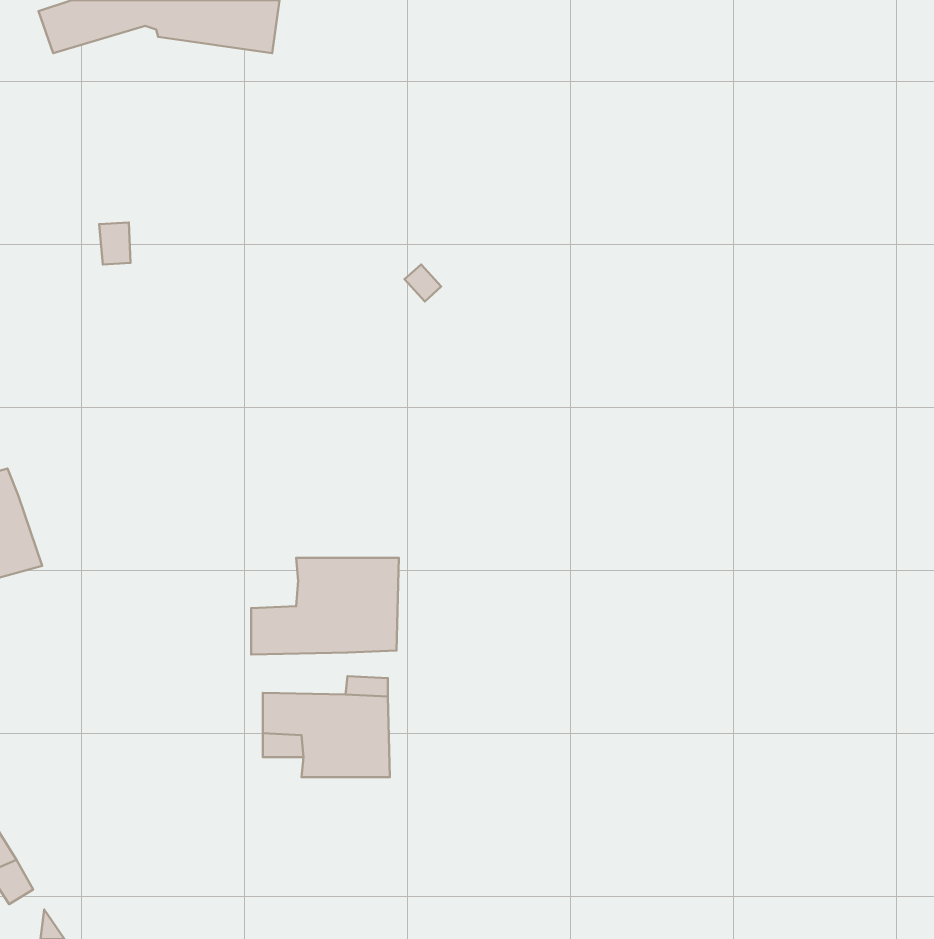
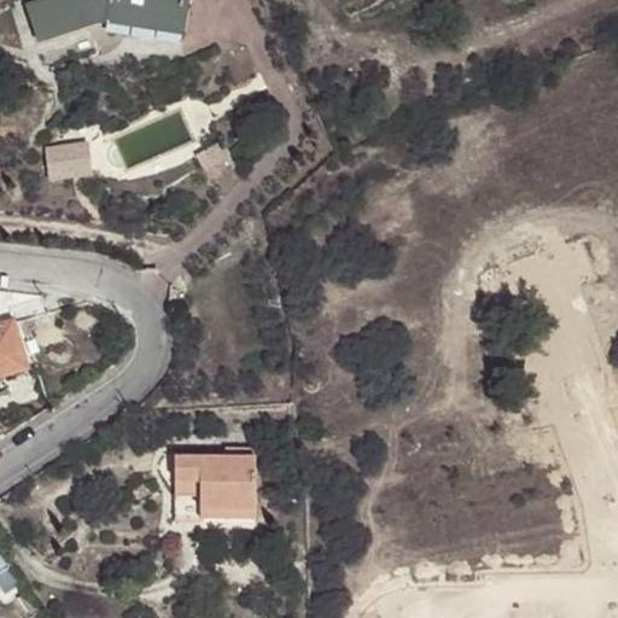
building: [251,558,399,655] -> none

